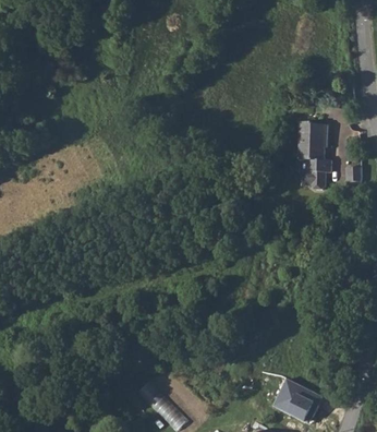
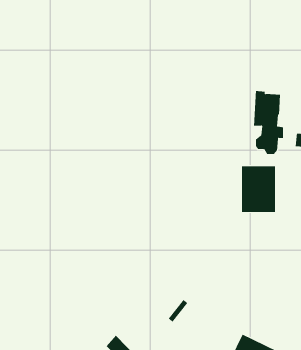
building: none -> [241,165,276,213]

